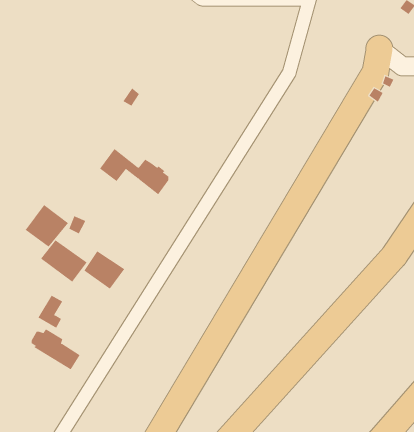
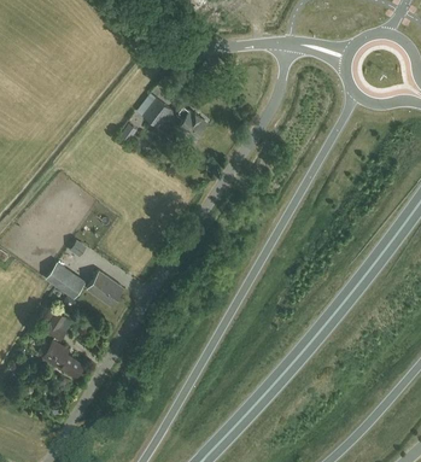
building: [99,148,169,195] -> [141,98,204,140]
building: [25,204,69,247] -> none

